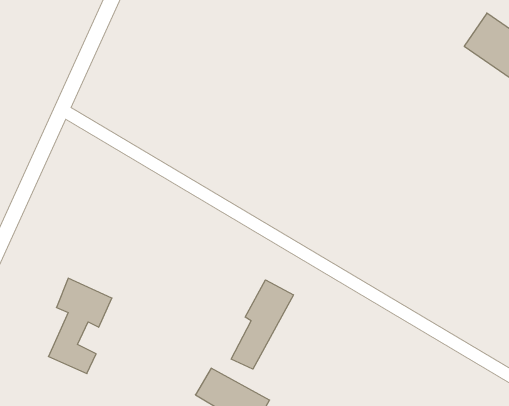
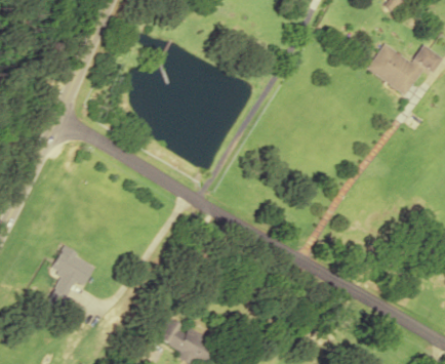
building: [231,280,293,369] -> none

